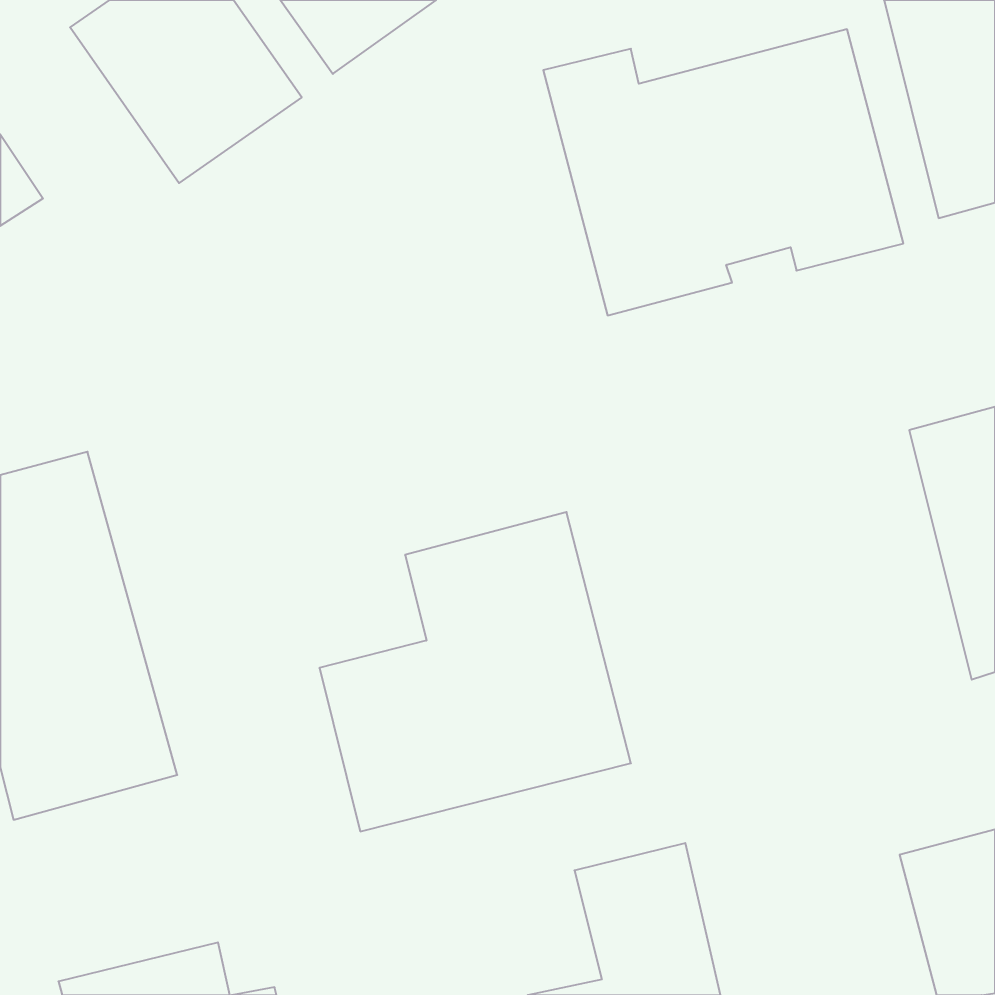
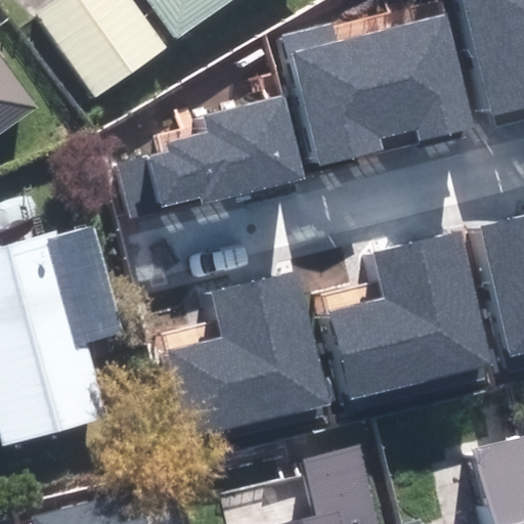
building: none -> [117,96,304,217]
building: none -> [329,231,493,399]

